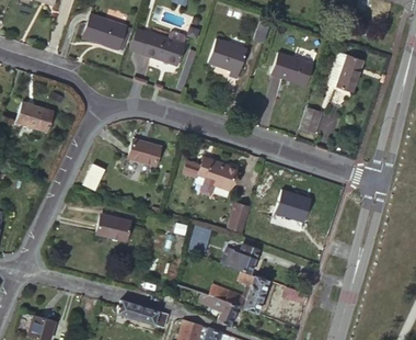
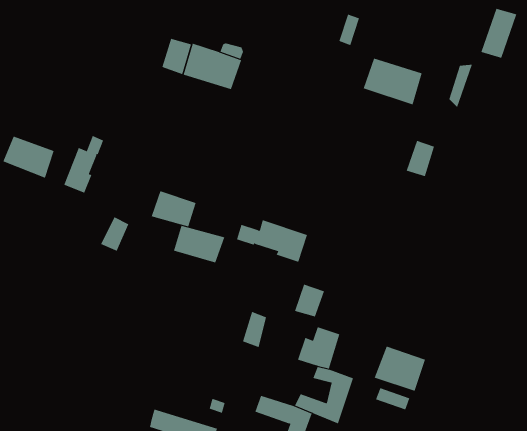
building: [83,16,126,50] -> none
building: [209,39,250,78] -> none
building: [340,52,367,88] -> [481,8,517,58]
building: none -> [64,135,104,194]
building: [269,194,307,227] -> [374,346,426,392]
building: [90,211,127,238] -> [173,225,225,263]

